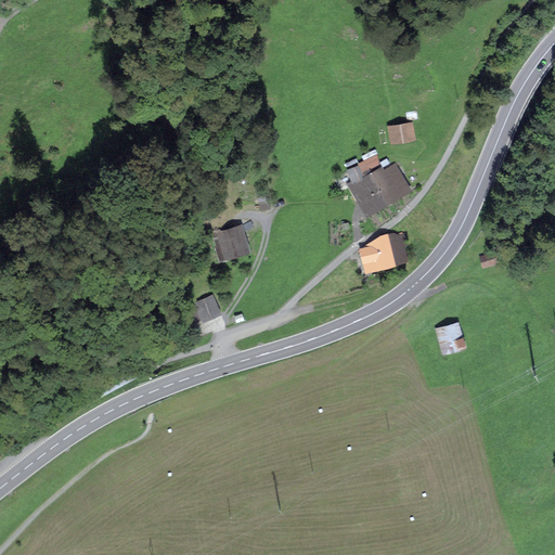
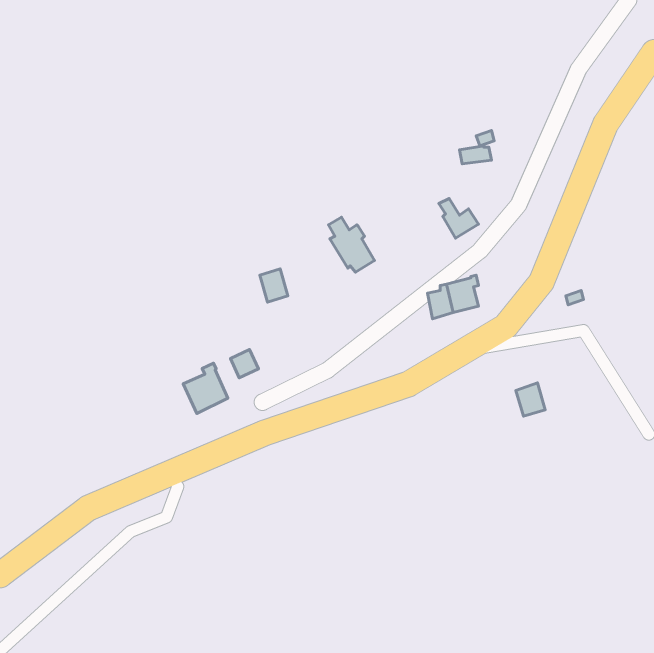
building: [347,166,386,212] -> [329,217,375,272]
building: none -> [183,363,228,413]

